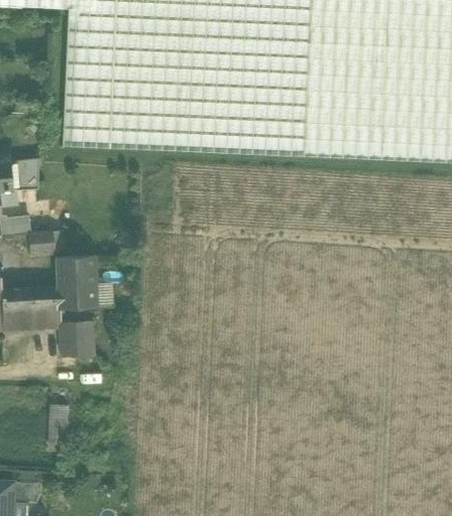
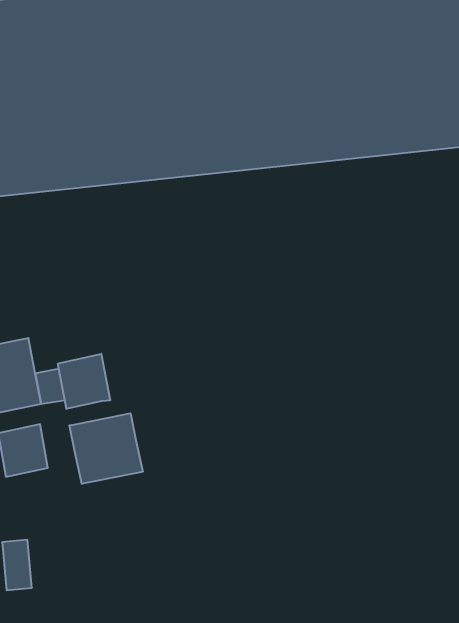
building: none -> [58,354,110,409]
building: none -> [69,413,143,484]

